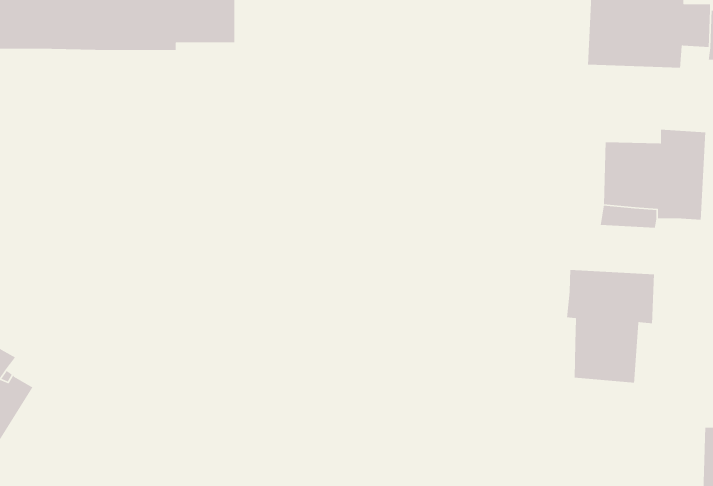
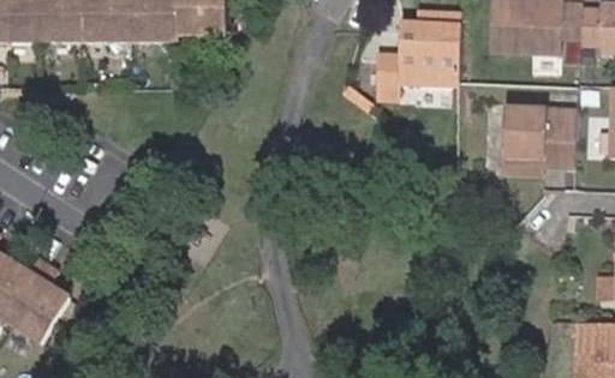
building: none -> [375,12,462,96]
building: [566,269,655,383] -> none

